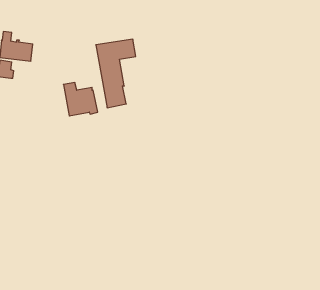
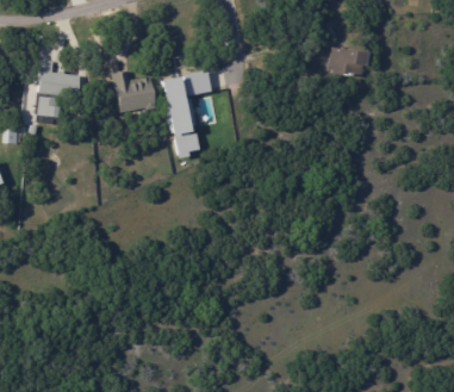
building: none -> [329,48,371,77]
building: [63,83,98,116] -> [114,71,157,113]

